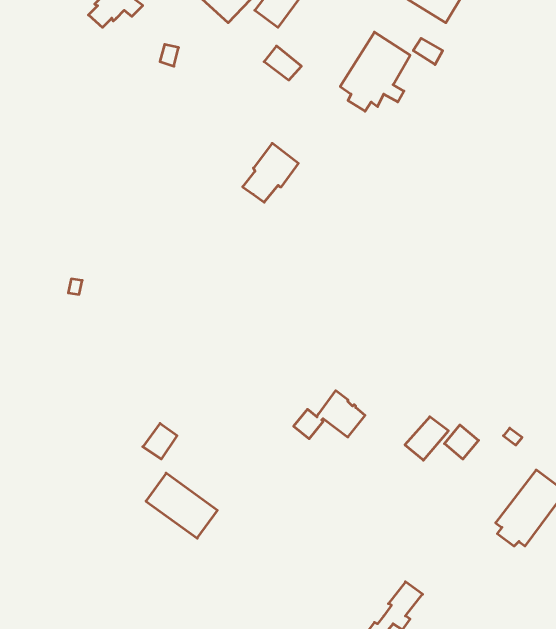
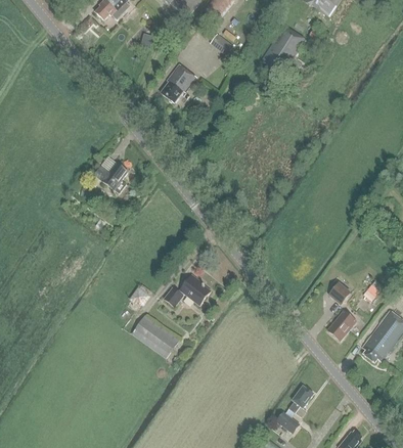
building: [243,143,298,202] -> [162,63,198,102]
building: none -> [94,162,128,191]
building: [294,391,365,439] -> [164,274,211,306]
building: [405,417,448,460] -> [327,310,356,339]

